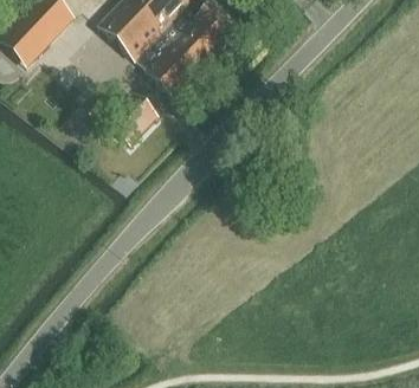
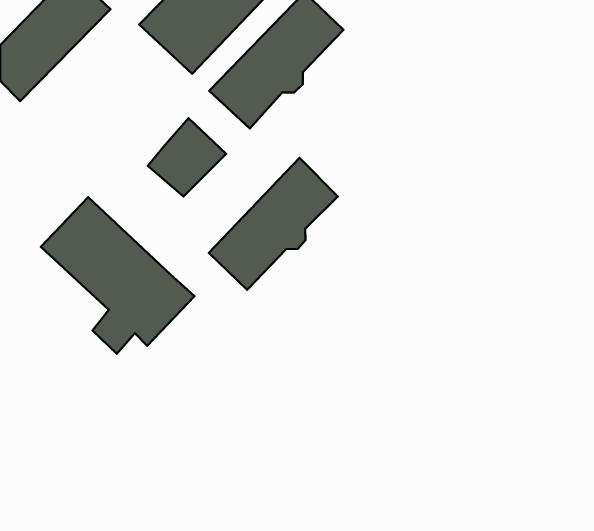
building: none -> [209,158,338,290]
building: none -> [41,197,195,354]

